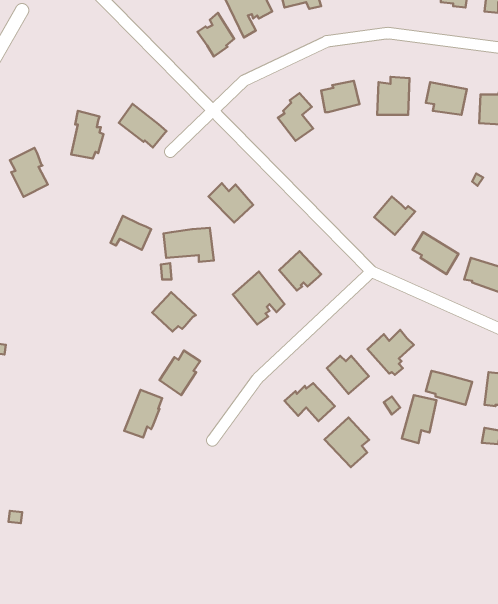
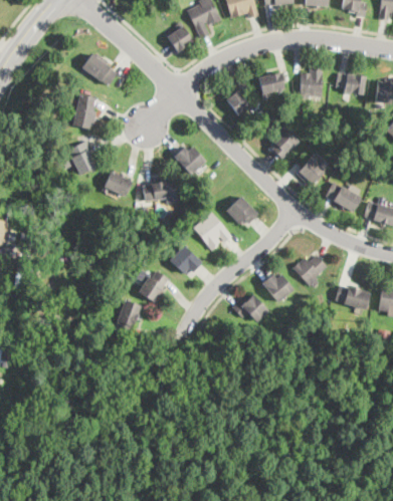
building: [119,104,167,147] -> [82,53,118,85]
building: [10,148,48,197] -> [69,140,97,176]
building: none -> [271,127,301,159]
building: [152,292,196,332] -> [170,245,202,274]
building: [402,395,436,443] -> none
building: [325,417,369,467] -> none

